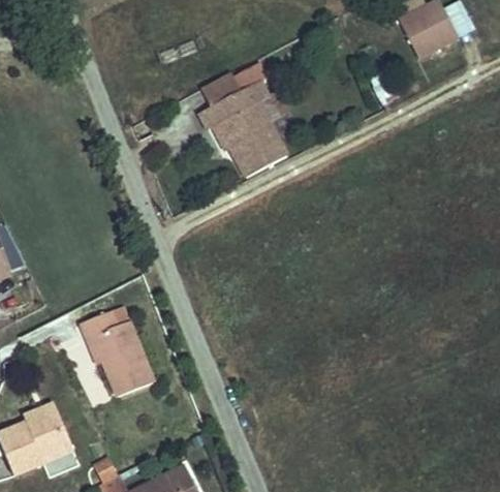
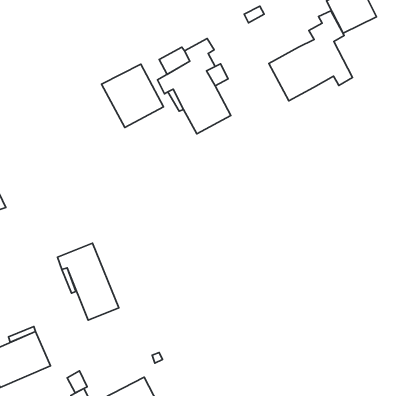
building: none -> [269,11,353,101]
building: none -> [101,64,163,128]

